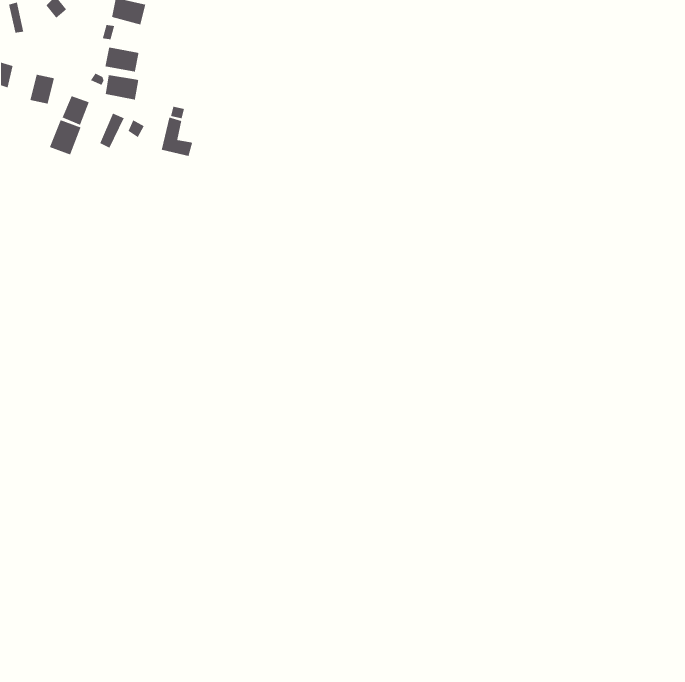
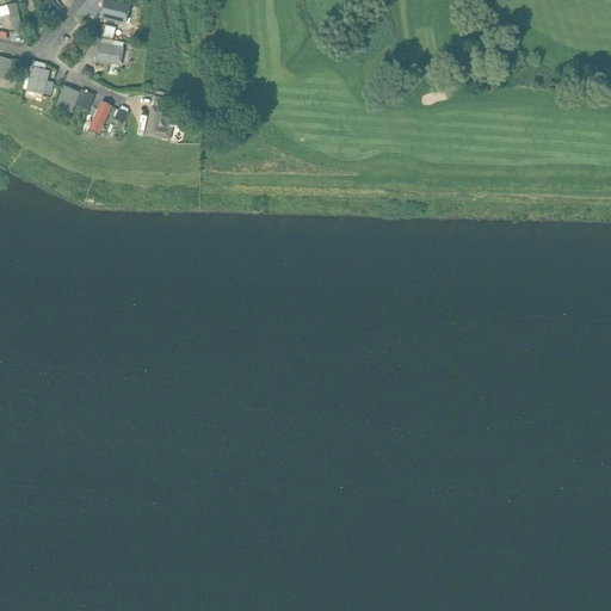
building: [105,74,139,100] -> none
building: [49,119,82,155] -> none

